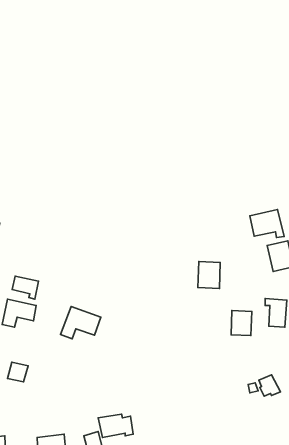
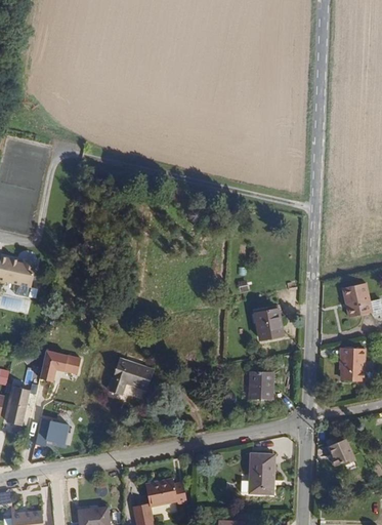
building: [250,209,284,238] -> none
building: [12,276,38,299] -> none
building: [231,310,252,336] -> [250,368,273,397]
building: none -> [255,454,280,495]

